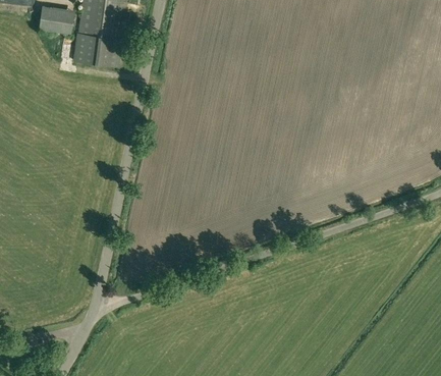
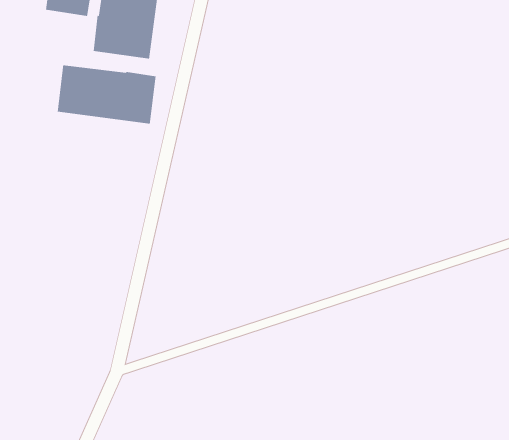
building: none -> [57,64,156,124]

